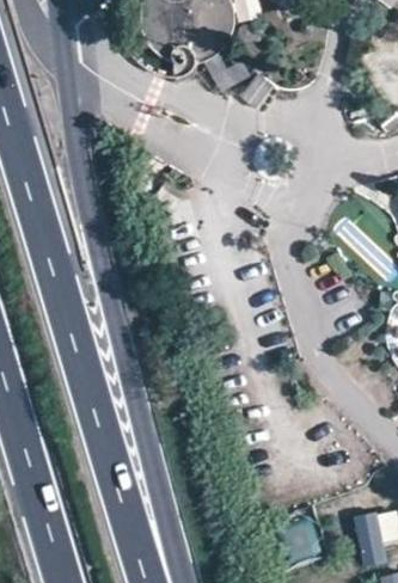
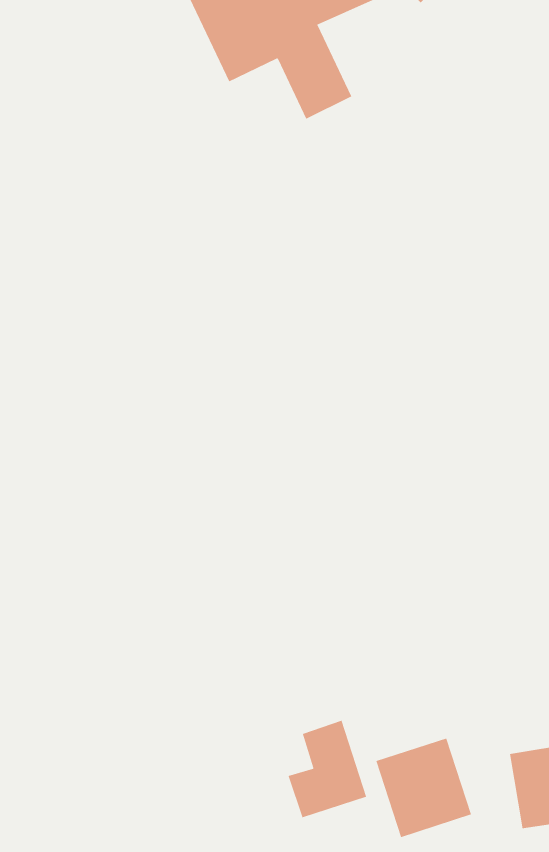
building: none -> [288,720,367,818]

